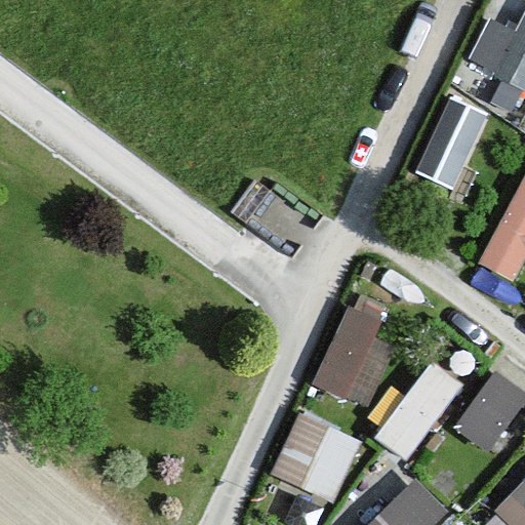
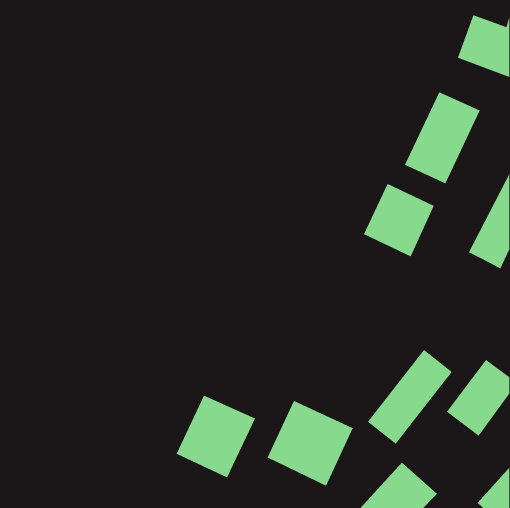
building: none -> [363,183,435,258]
building: [314,313,400,409] -> none
building: none -> [175,394,256,479]

